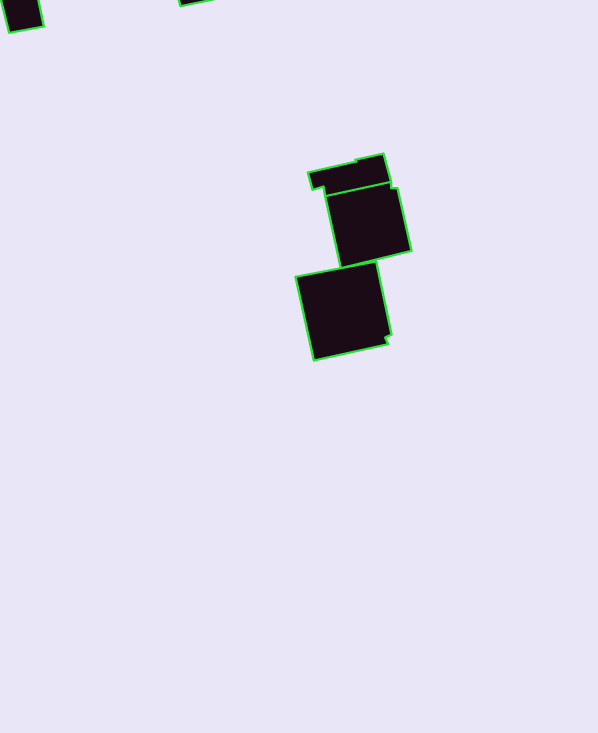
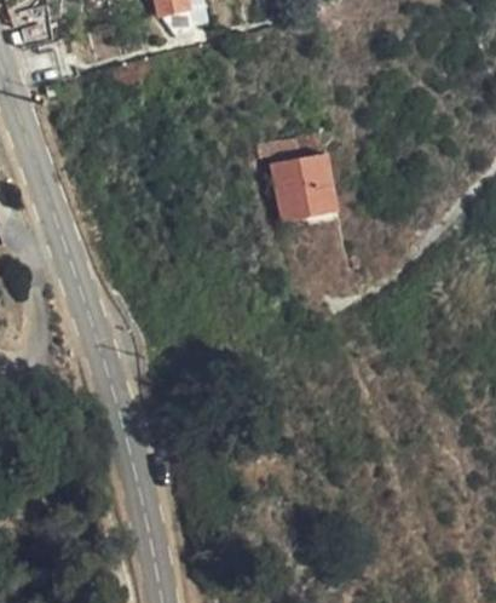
building: [295,262,392,361] -> none

